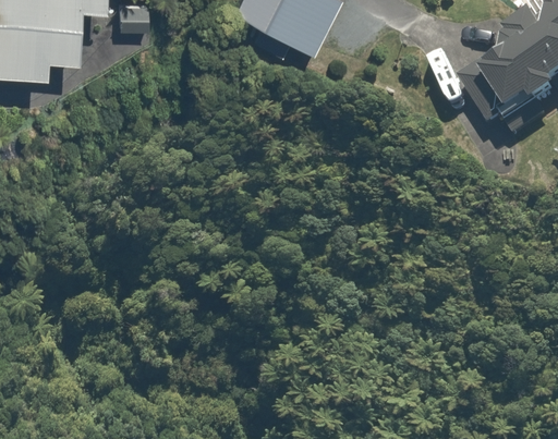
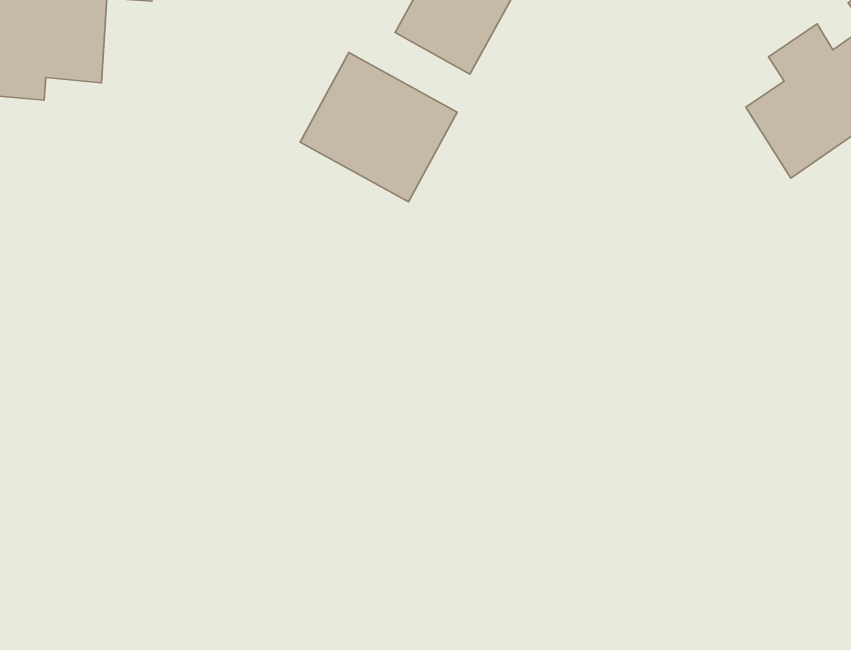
building: none -> [300,52,457,202]

